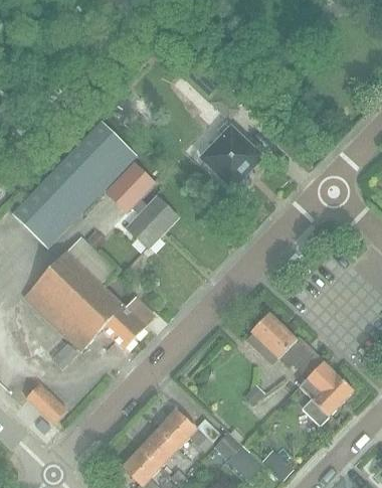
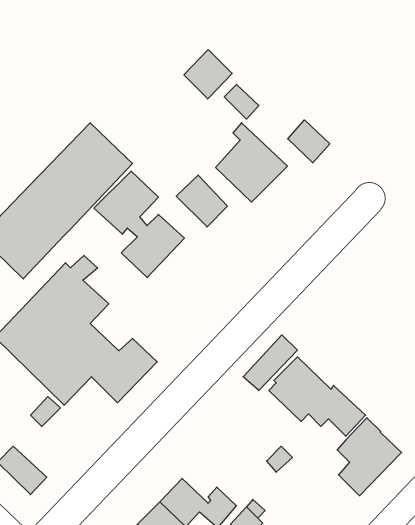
building: none -> [184,50,232,99]
building: none -> [288,120,330,163]
building: none -> [176,175,227,227]
building: none -> [243,335,297,391]

